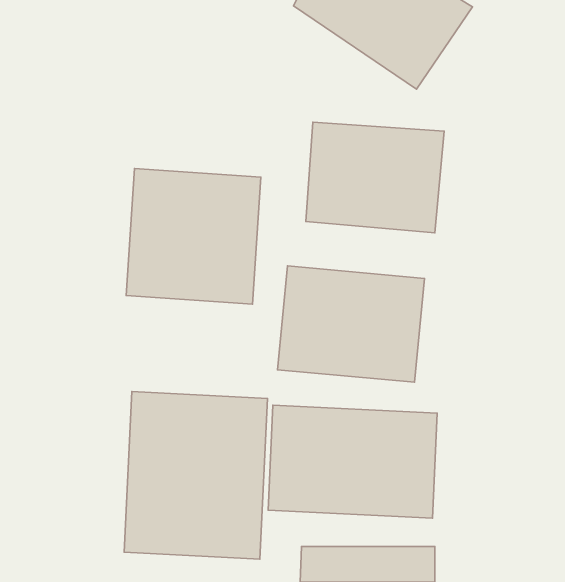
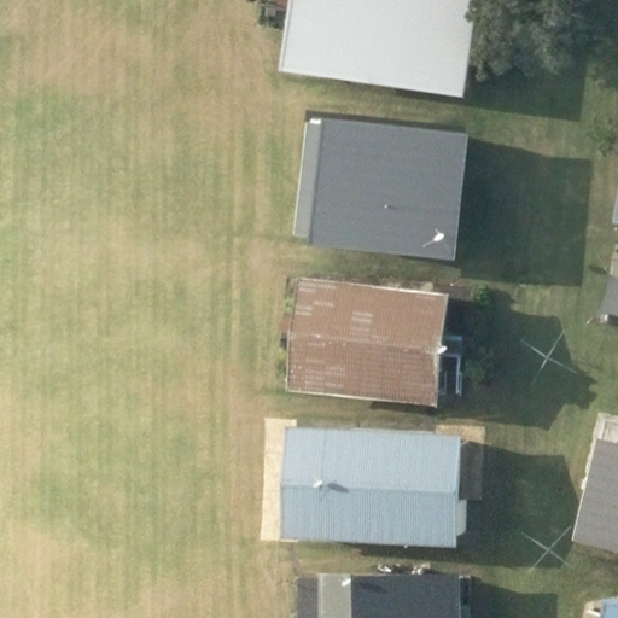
building: [126,168,261,304] -> none
building: [124,392,268,559] -> none

